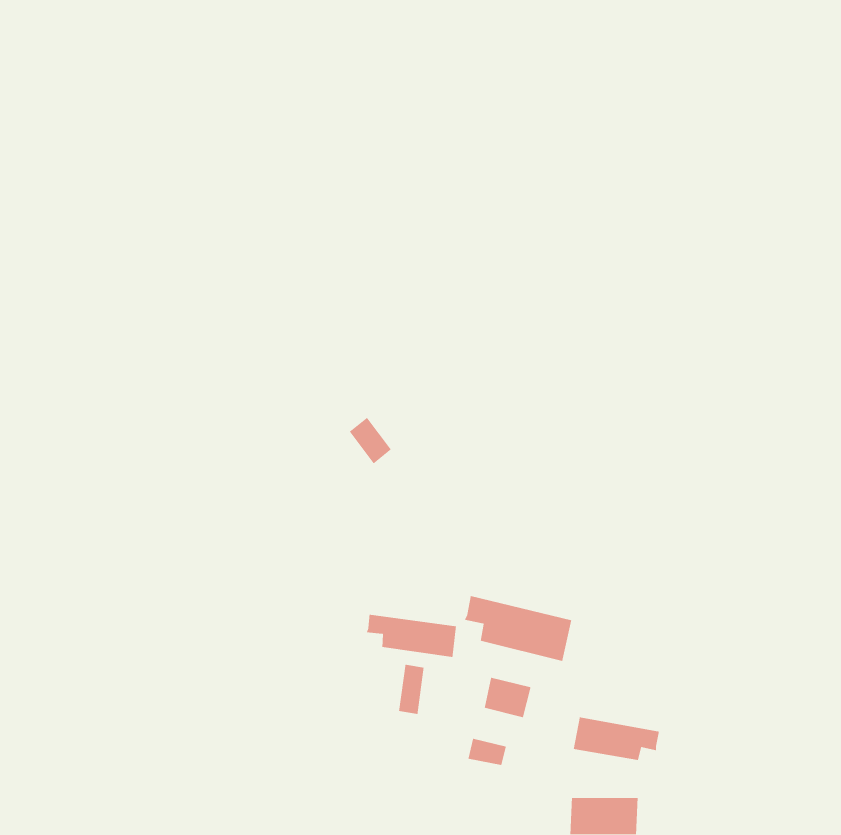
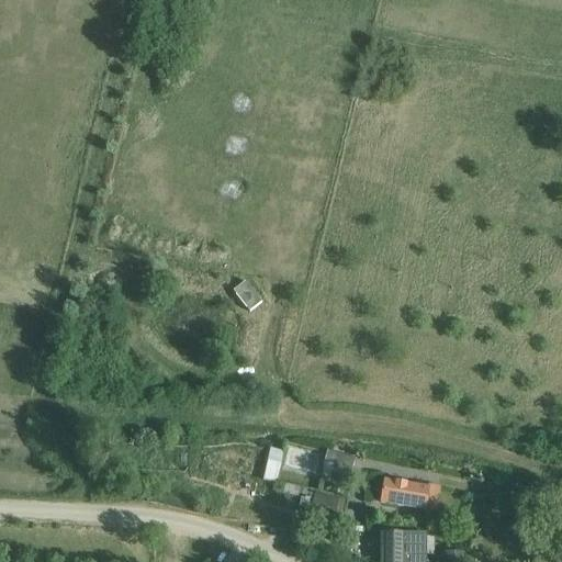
building: [464,595,572,662] -> none
building: [366,614,457,658] -> none

